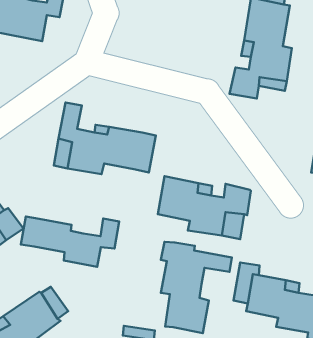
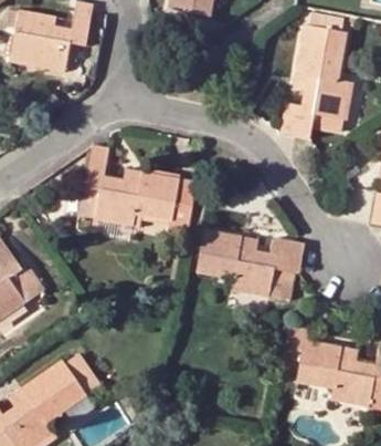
building: [21,217,119,267] -> none
building: [161,242,232,333] -> none

